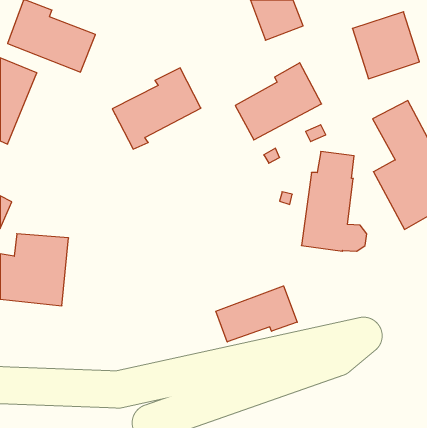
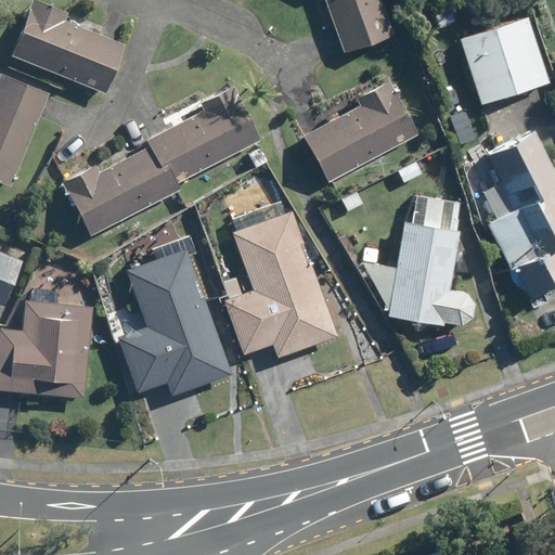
building: none -> [63,147,173,236]
building: none -> [223,199,336,357]
building: none -> [116,236,231,396]
building: [216,286,297,342] -> none

